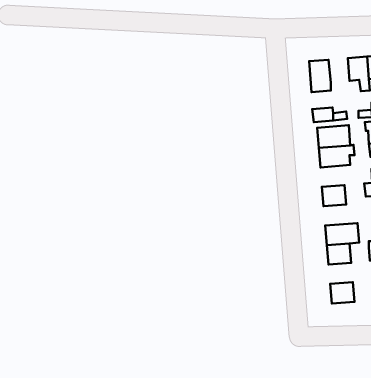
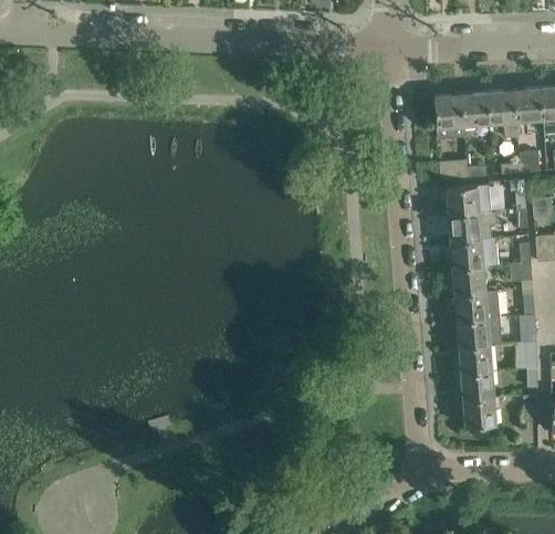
building: none -> [461,92,490,125]
building: none -> [450,238,496,268]
building: none -> [454,291,501,321]
building: none -> [461,371,494,400]

